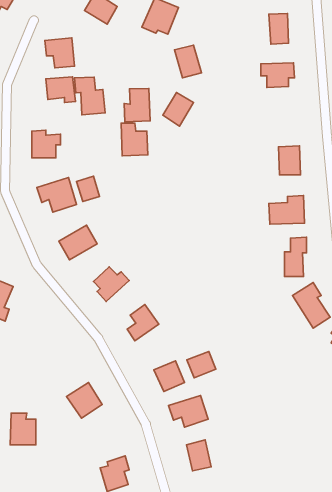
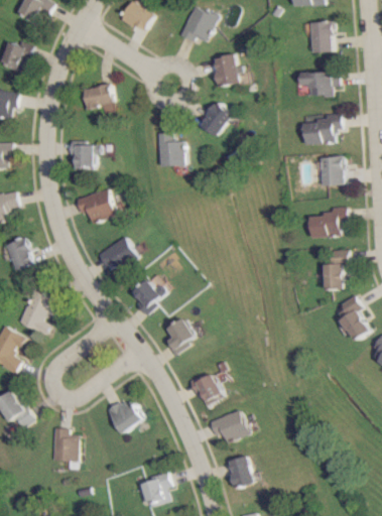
building: [45,38,74,68] -> none
building: [75,77,105,115] -> none
building: [124,88,150,122] -> none
building: none -> [304,114,340,144]
building: [77,176,99,201] -> none
building: [187,352,216,378] -> none

